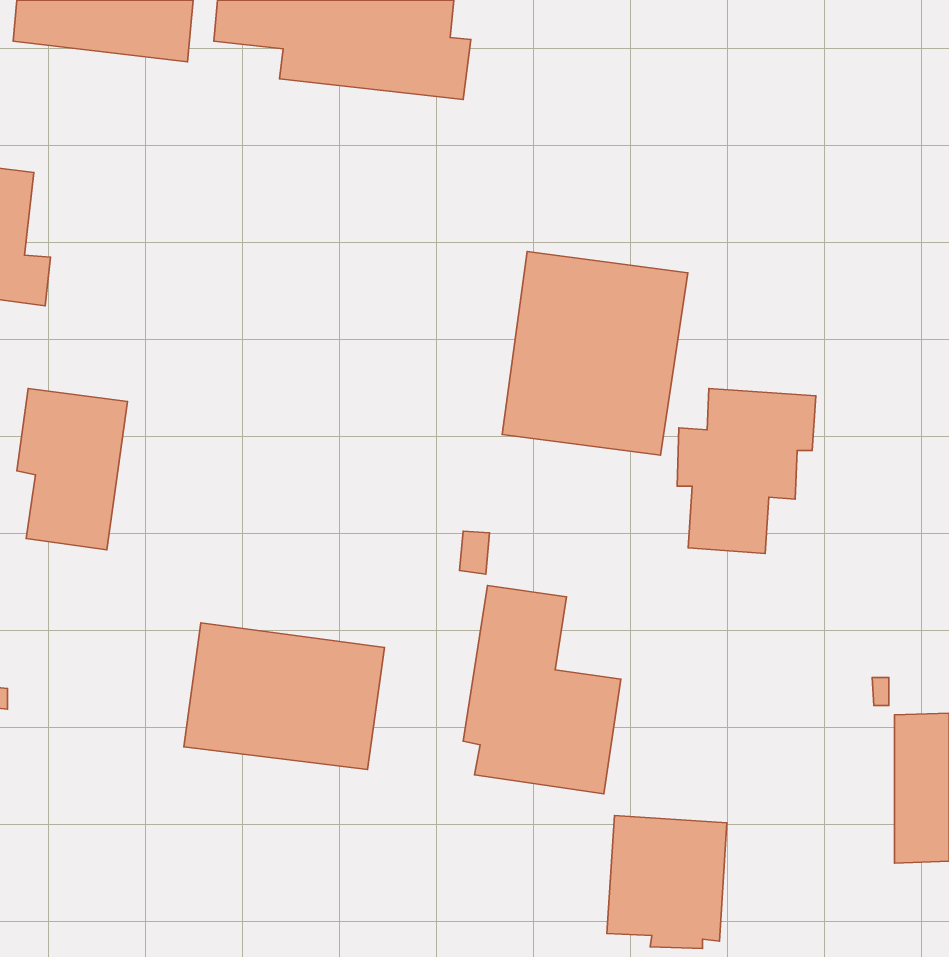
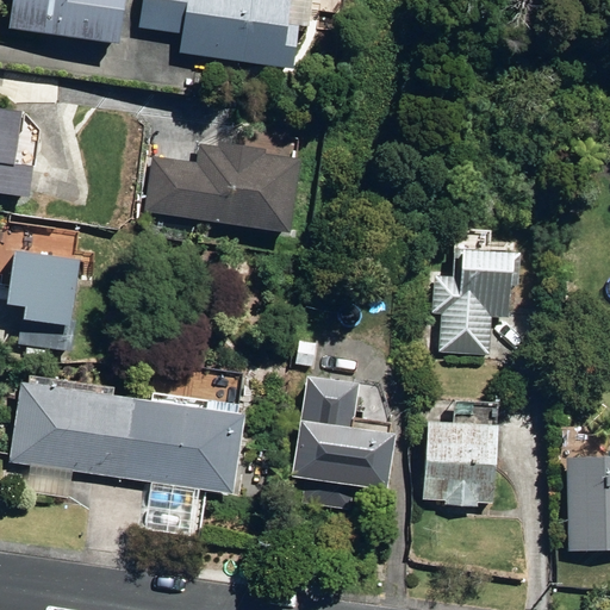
building: none -> [139,142,298,232]
building: [502,252,688,455] -> none
building: none -> [8,381,127,475]
building: [607,815,727,949] -> [422,421,498,505]

